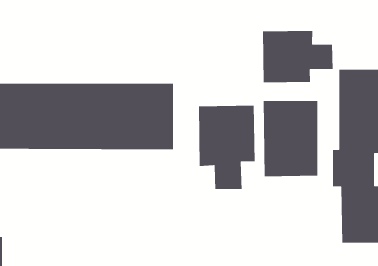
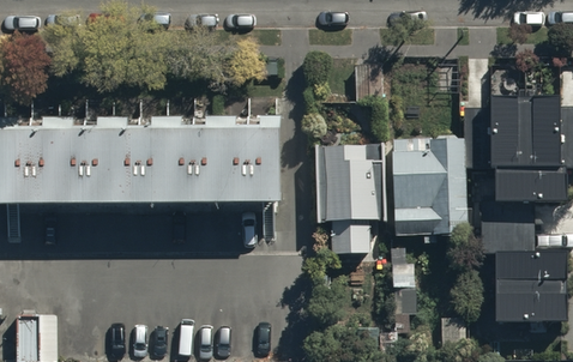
building: [262,30,334,83] -> none

